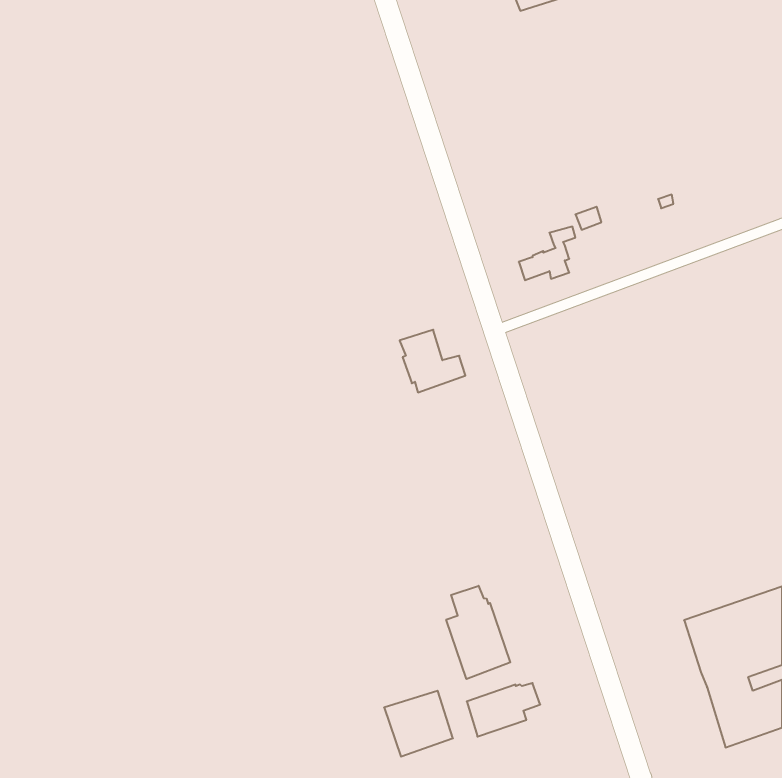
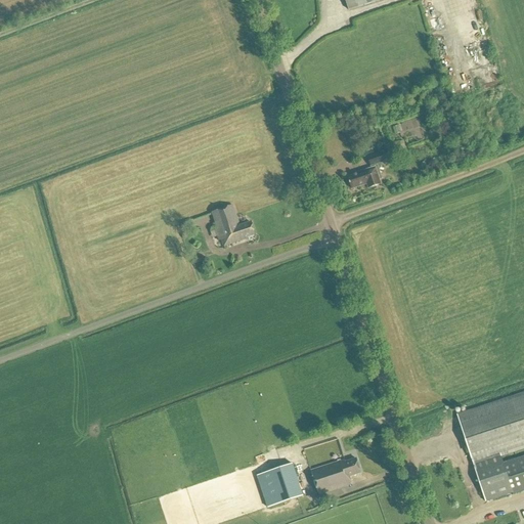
building: [400,330,465,392] -> [210,203,254,245]
building: [446,586,510,679] -> none

